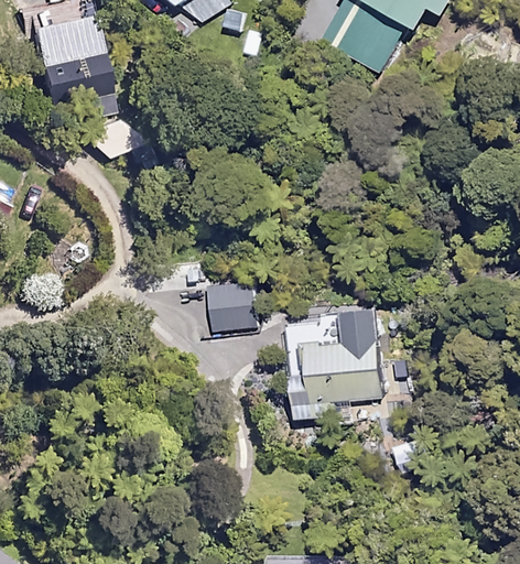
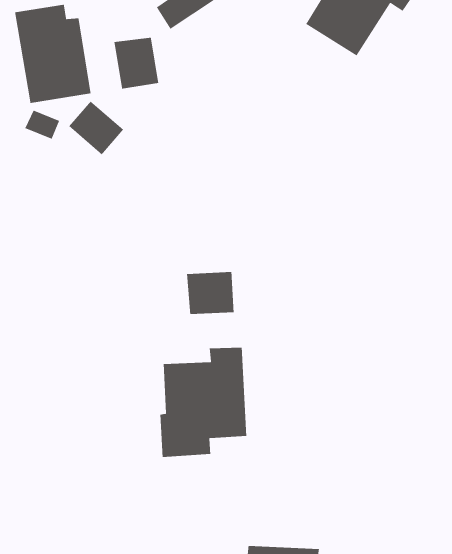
building: none -> [114,37,159,89]
building: [294,305,380,414] -> [159,347,247,458]

